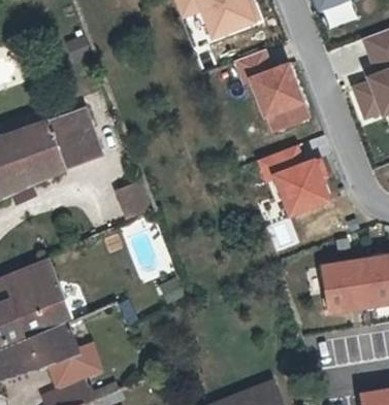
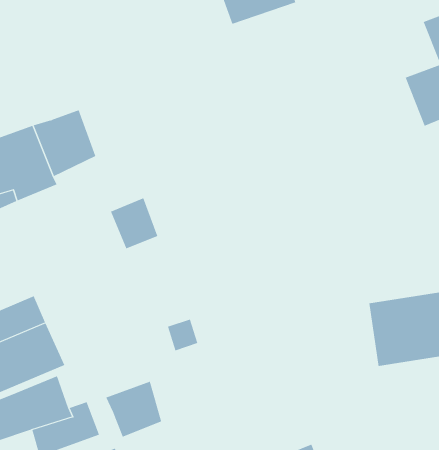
building: [232,47,307,132] -> none
building: [257,145,330,220] -> none
building: none -> [105,381,162,437]

